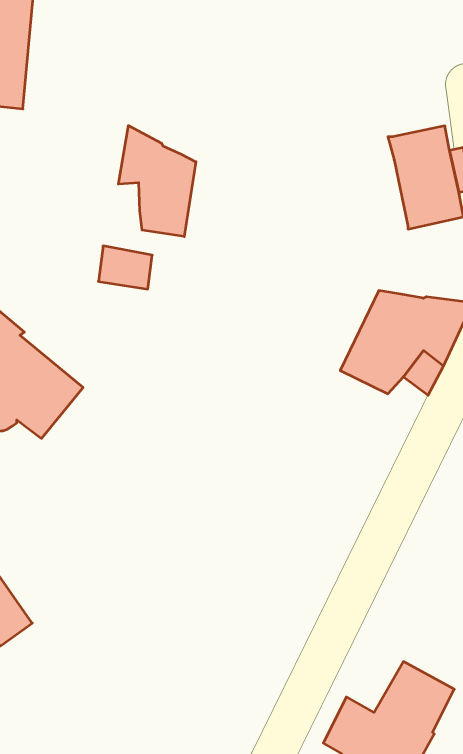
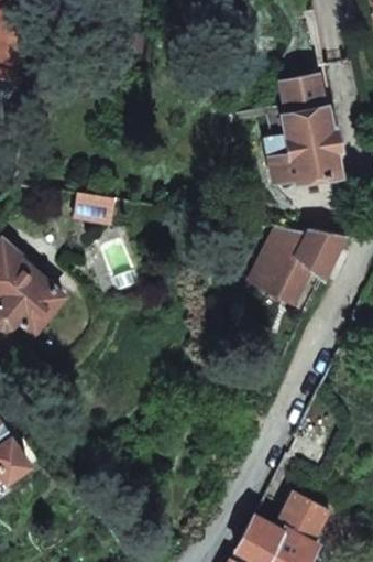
building: none -> [278,75,322,117]
building: [118,126,196,237] -> none
building: none -> [262,133,296,186]

